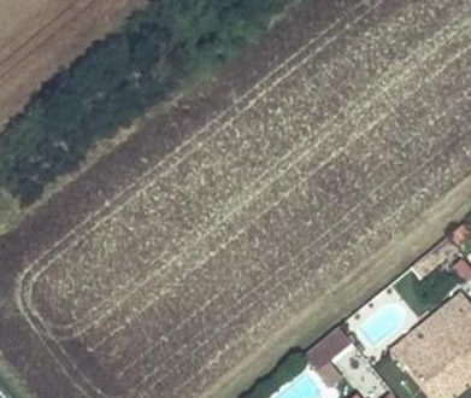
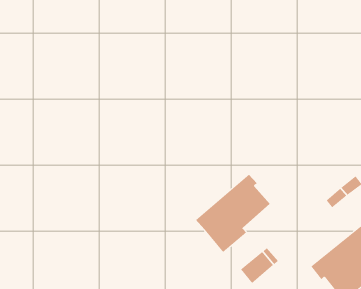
building: none -> [195,174,270,253]

